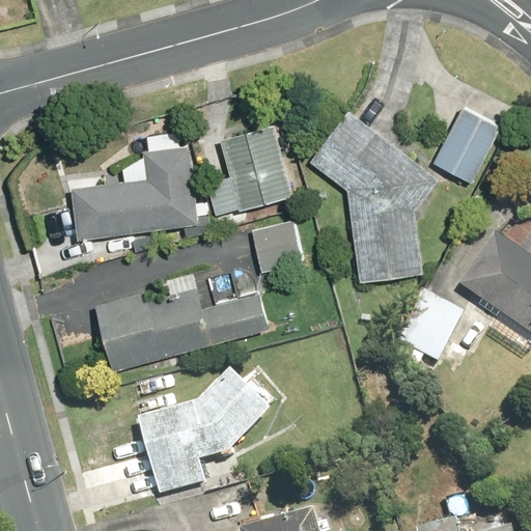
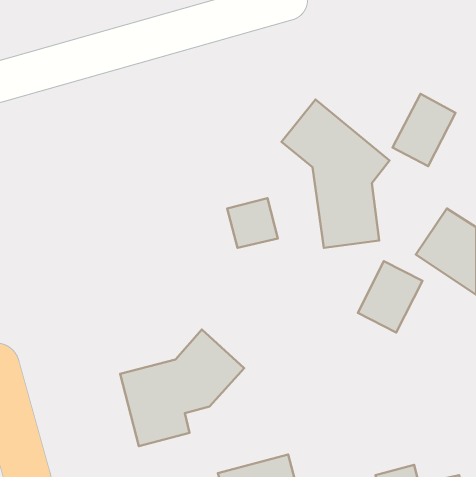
building: [221,121,294,206] -> none
building: [73,144,212,241] -> none
building: [92,278,264,366] -> none

